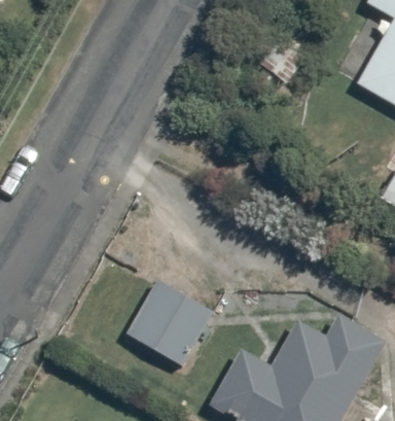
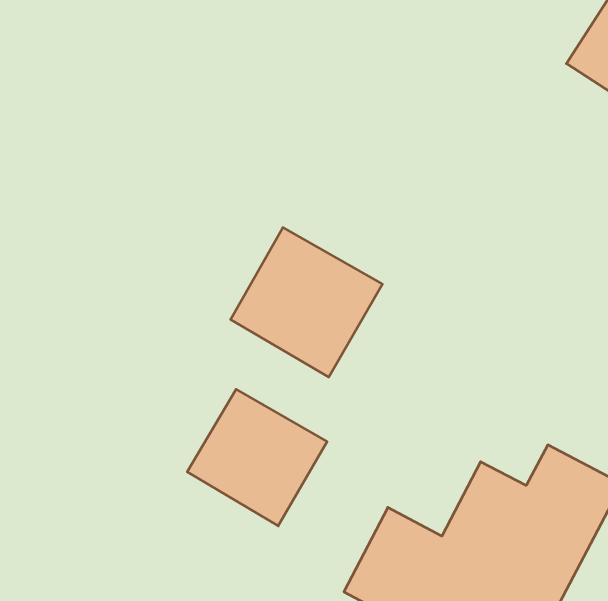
building: none -> [231,228,382,377]

